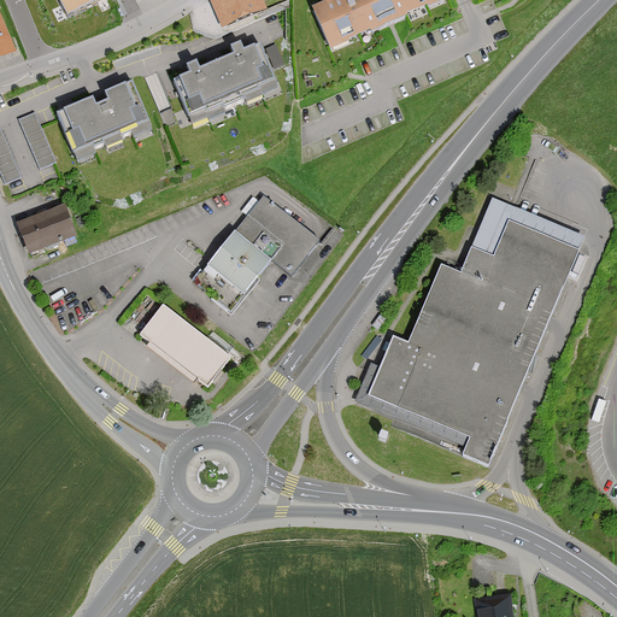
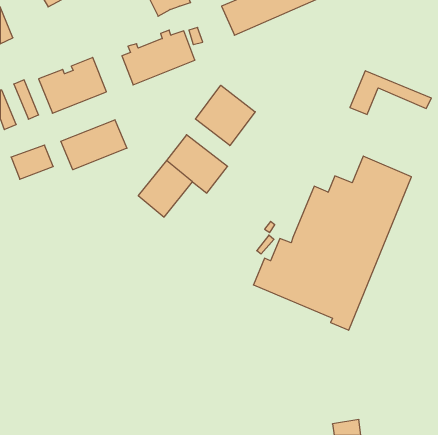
building: none -> [195,85,255,146]
building: none -> [61,120,127,170]
building: [471,195,586,257] -> [350,71,431,114]
building: [133,302,223,384] -> none

